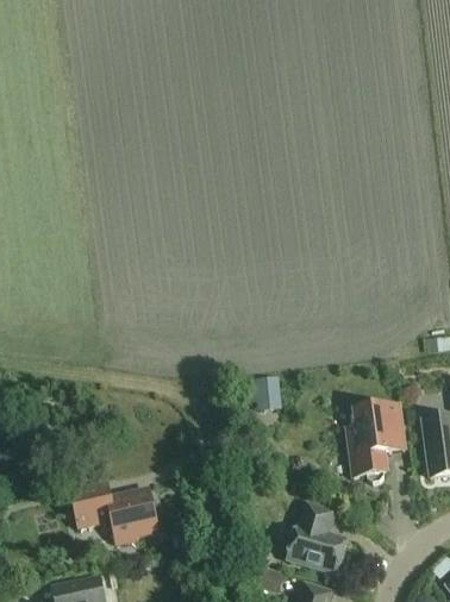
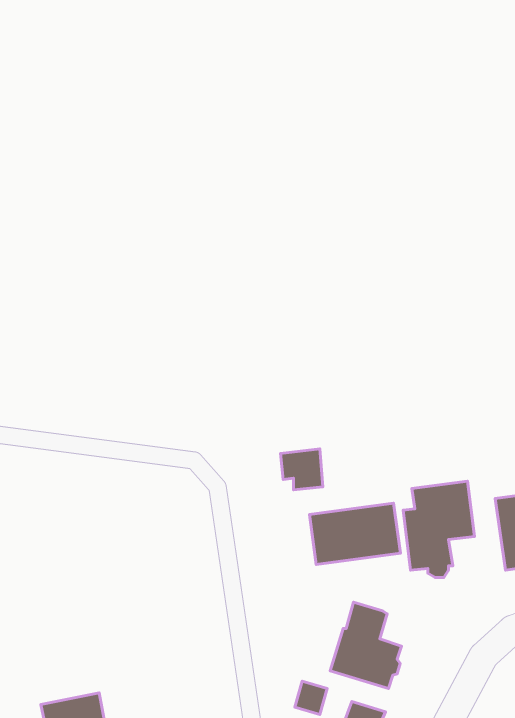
building: none -> [309,503,400,564]
building: [69,481,157,543] -> none

